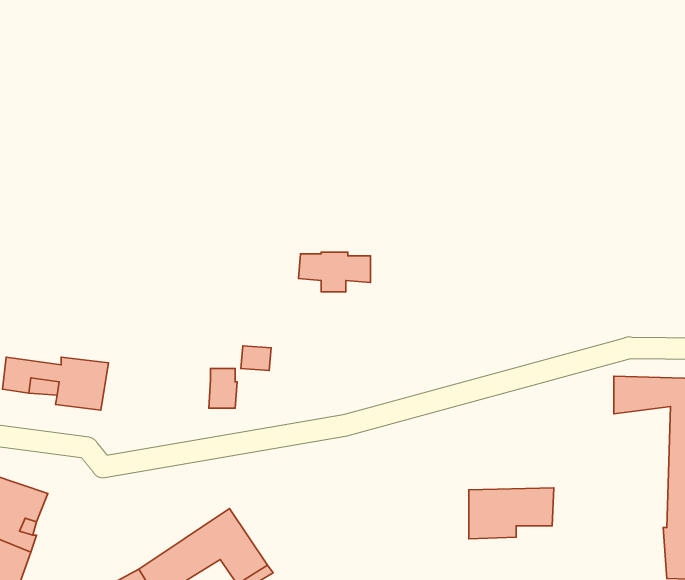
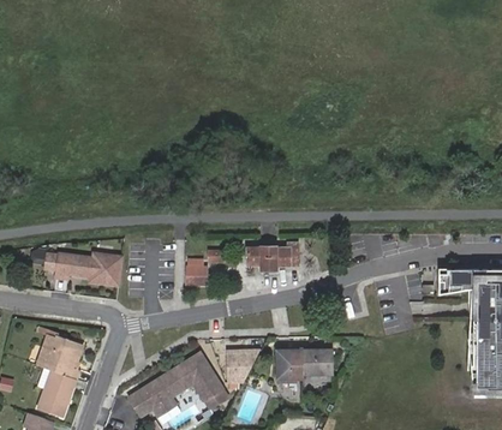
building: [299,252,370,292] -> [246,246,292,271]
building: [469,488,554,539] -> [276,348,330,381]
building: none -> [227,350,259,383]

